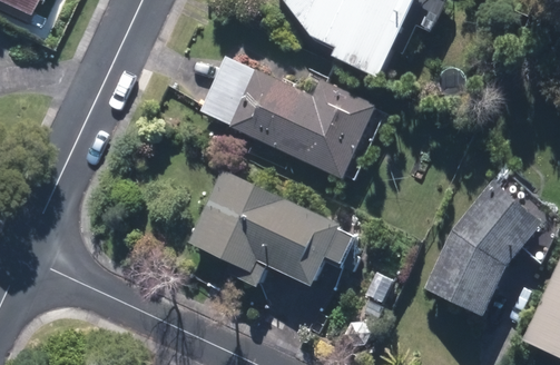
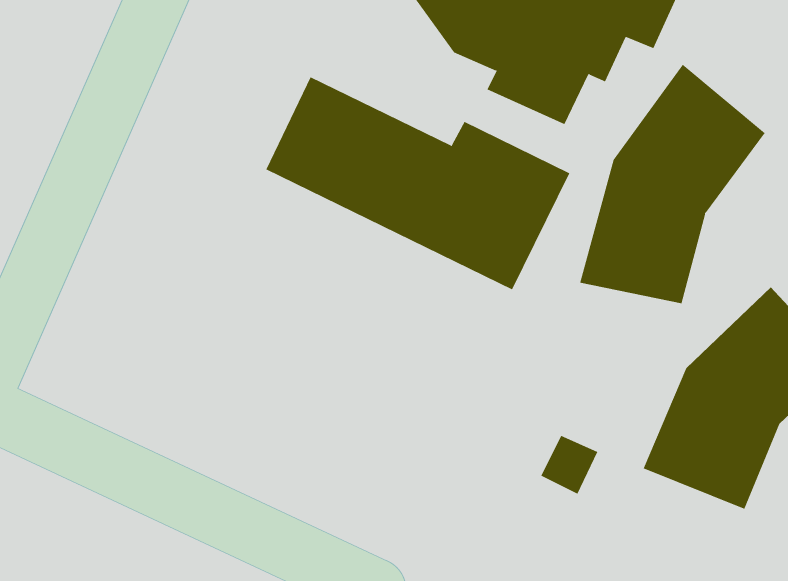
building: none -> [579,64,766,304]
building: [185,164,354,289] -> none

